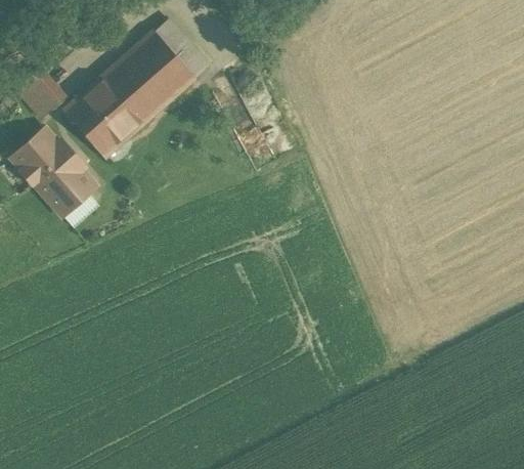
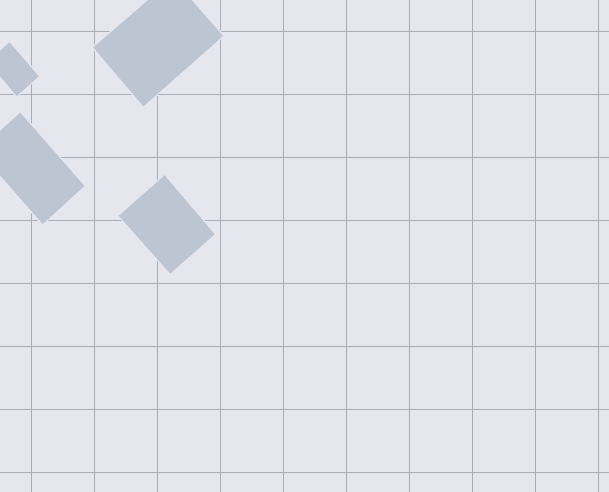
building: [64,77,141,156] -> [118,174,216,275]

